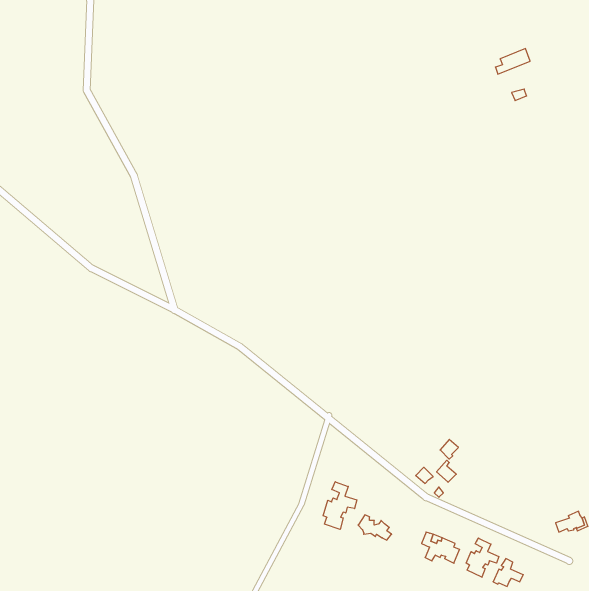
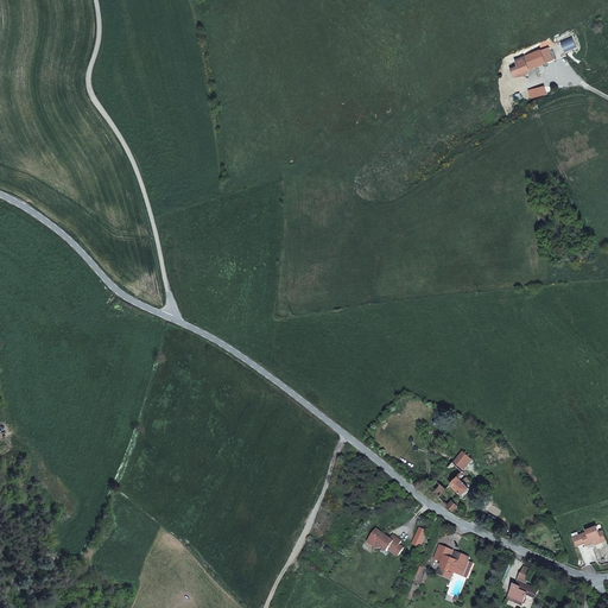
building: [323,482,357,529] -> none
building: [466,538,499,577] -> none

